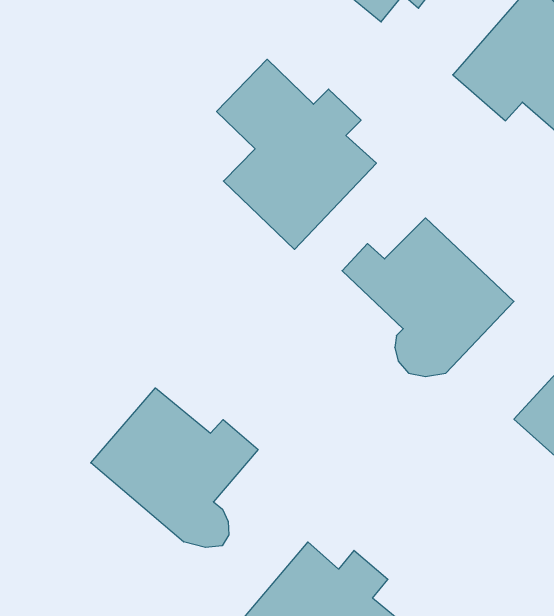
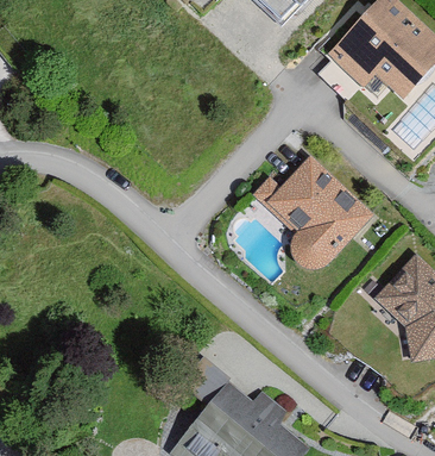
building: [217,59,376,249] -> none
building: [91,388,258,547] -> none

